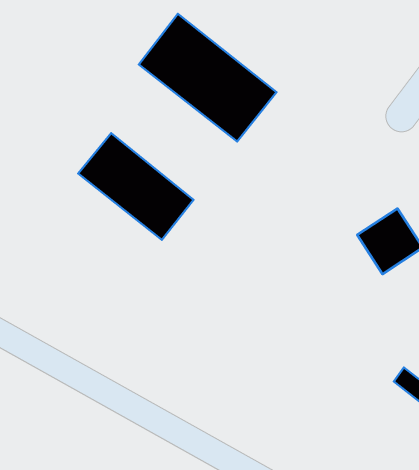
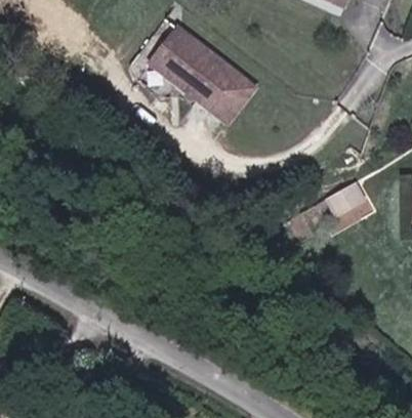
building: [78,133,194,240] -> none

